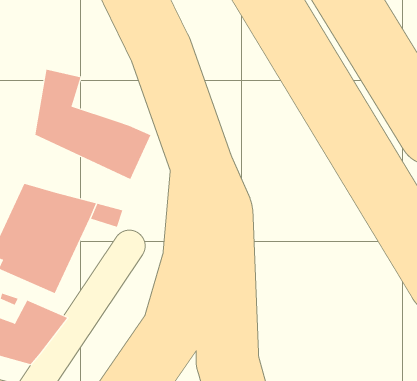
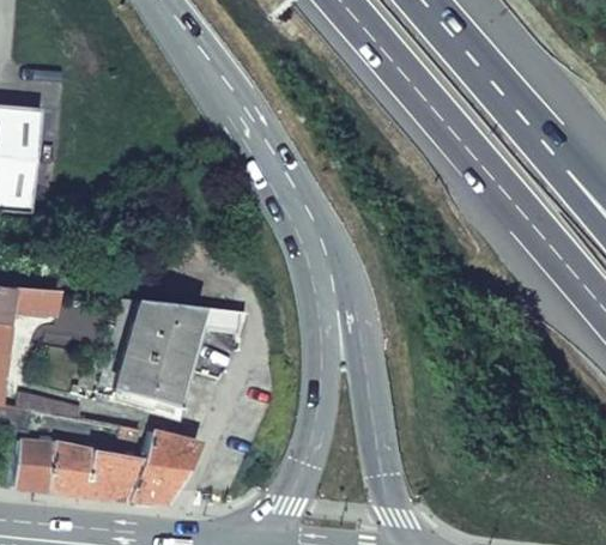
building: [35,69,151,180] -> none

